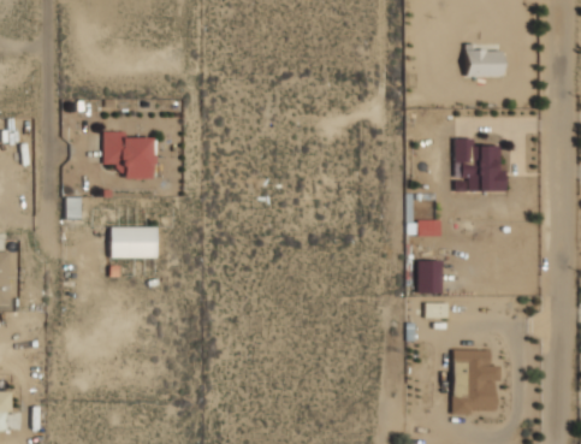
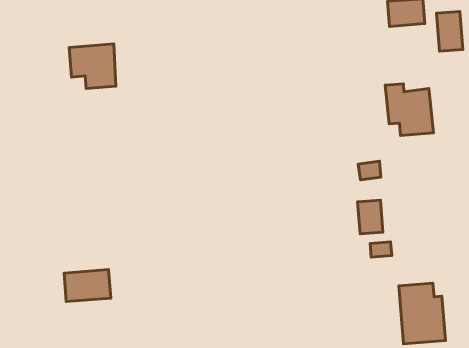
building: none -> [437,11,463,51]
building: [105,132,152,177] -> [69,44,116,89]
building: [109,226,156,256] -> [64,270,111,302]

